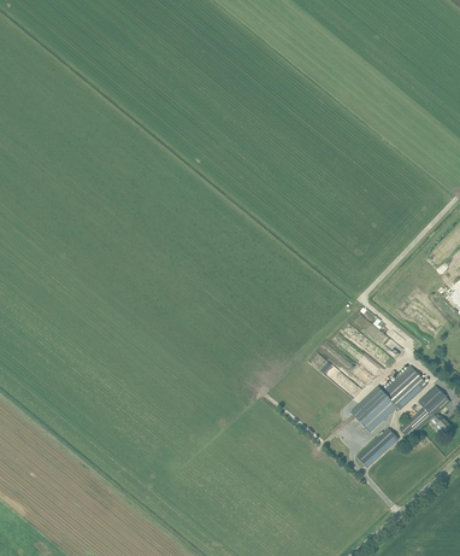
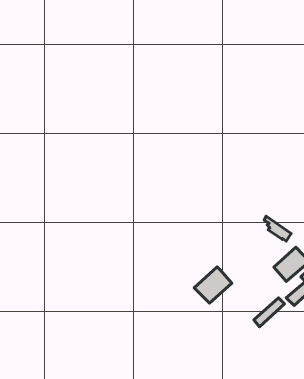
building: [350,385,397,431] -> [194,267,232,303]

